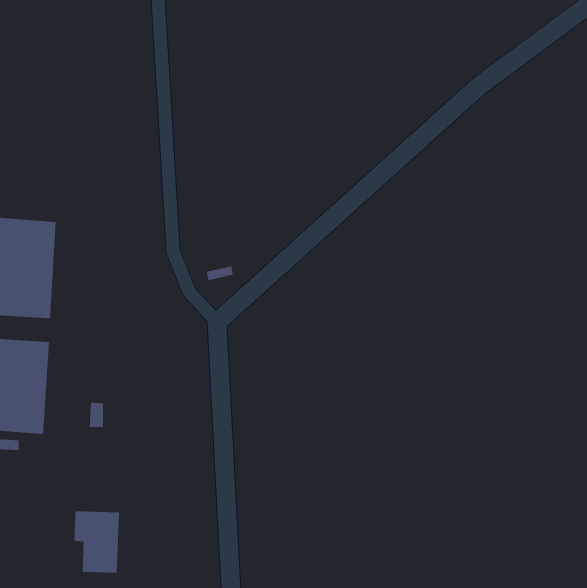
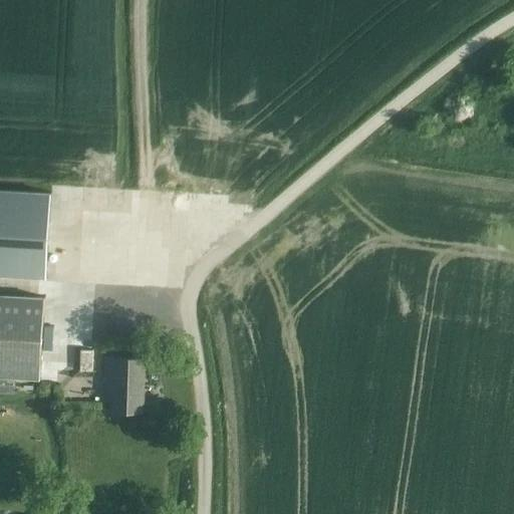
building: [74,511,120,573] -> [102,359,143,414]

